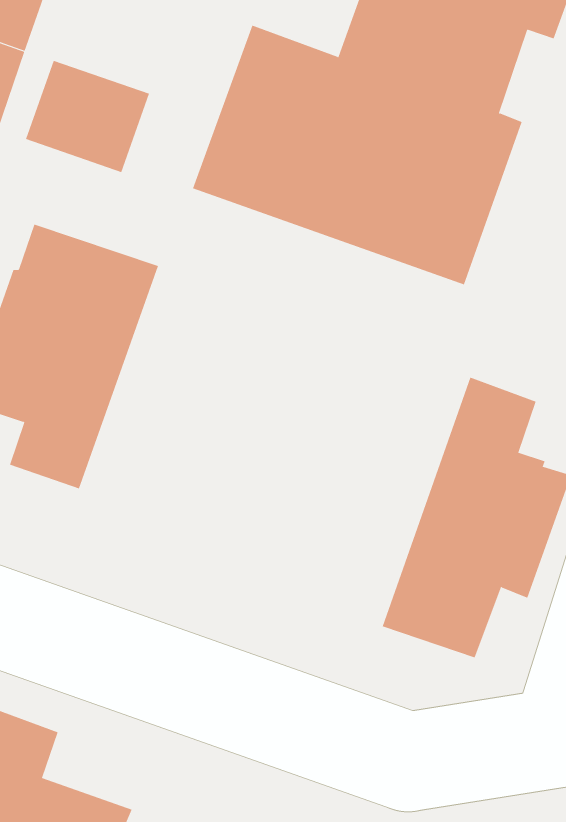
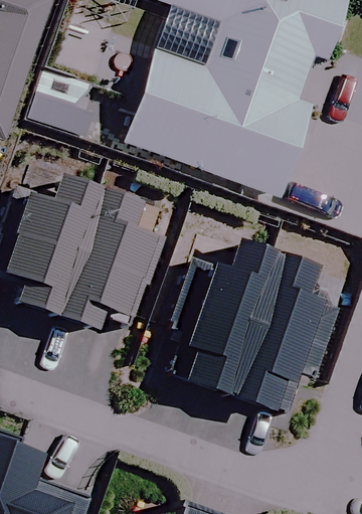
building: none -> [58,187,161,329]
building: none -> [168,237,282,393]

